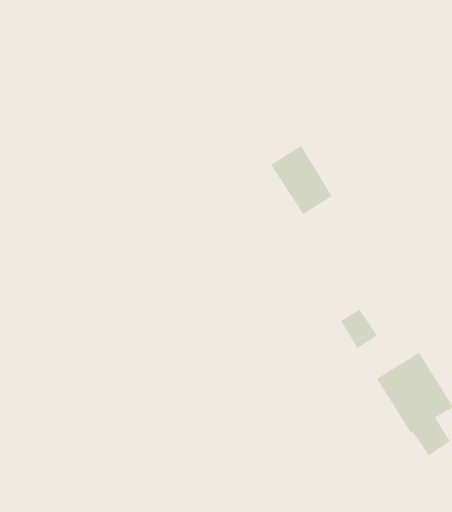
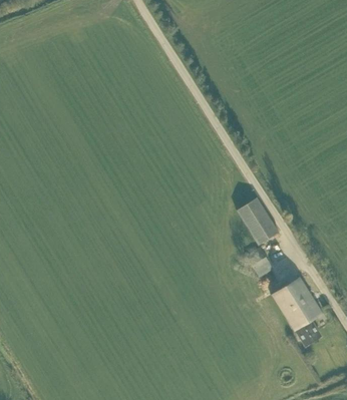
building: [270,145,333,215] -> [236,196,278,244]

